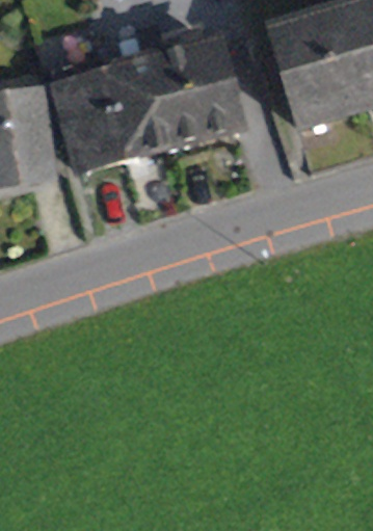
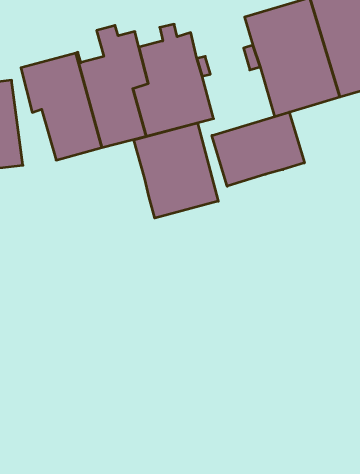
building: none -> [212,112,304,186]
building: none -> [134,123,218,218]

